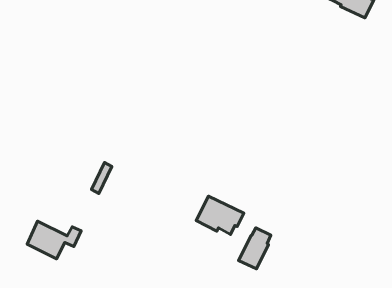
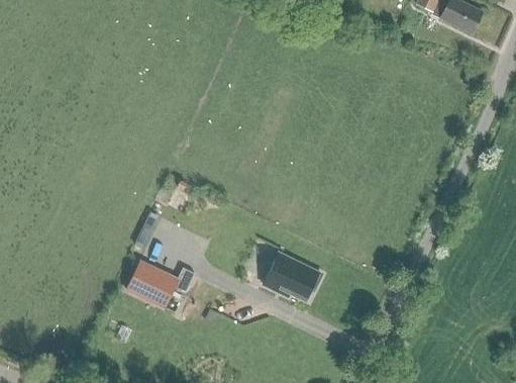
building: [27,221,81,259] -> [127,261,194,307]
building: [238,228,271,269] -> none

